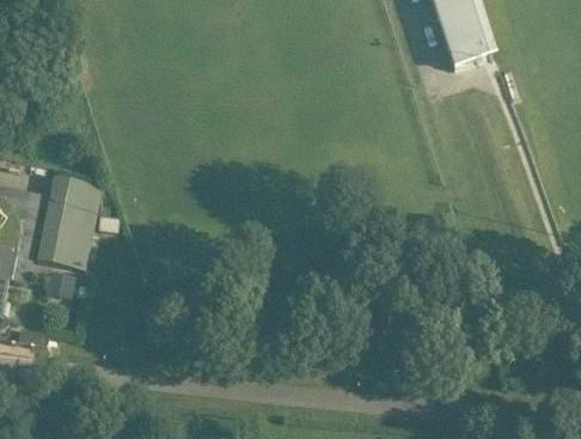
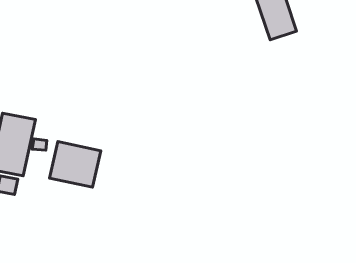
building: none -> [50,142,101,187]

